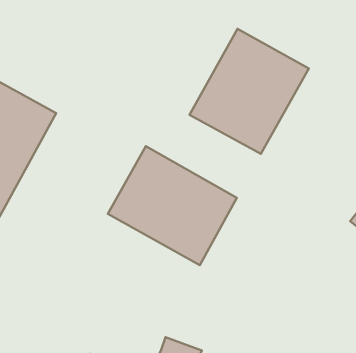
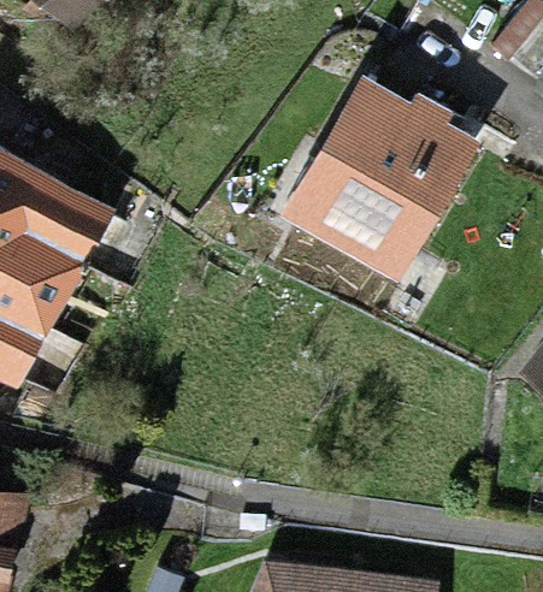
building: [108,146,237,265] -> none

